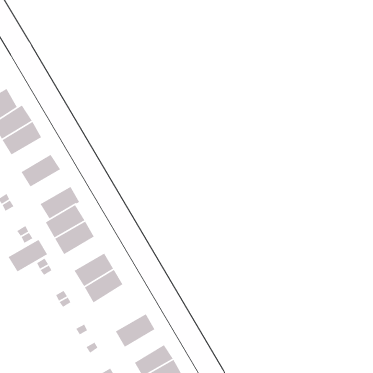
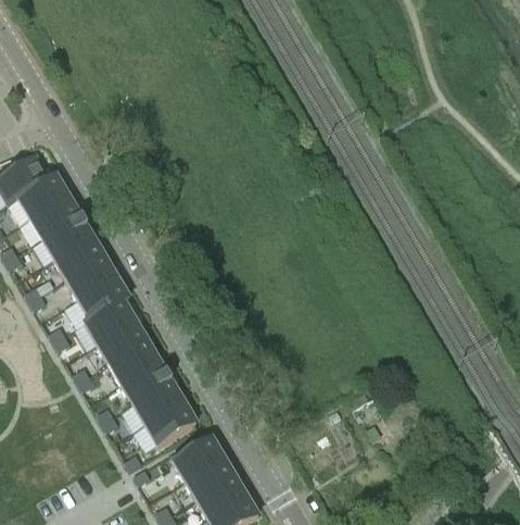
building: none -> [42,215,92,259]
building: none -> [66,255,117,299]
building: [8,239,48,273] -> [109,340,160,383]
building: none -> [145,400,196,445]
building: none -> [185,457,234,498]

